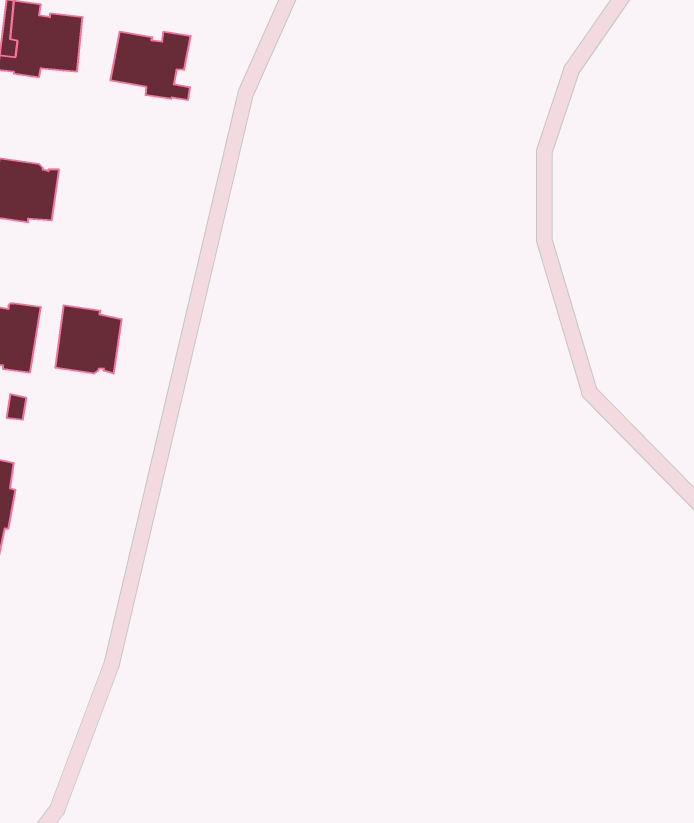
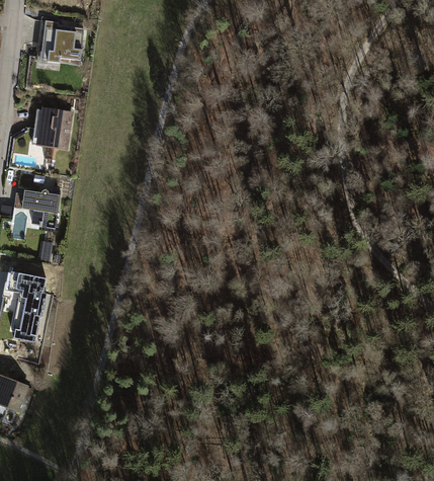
building: [110,32,191,100] -> none
building: [56,305,121,374] -> none

